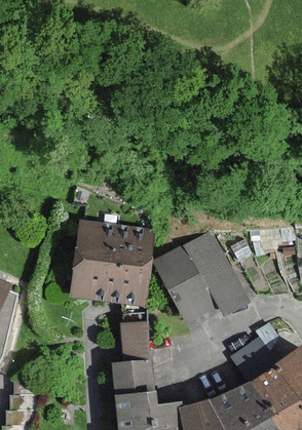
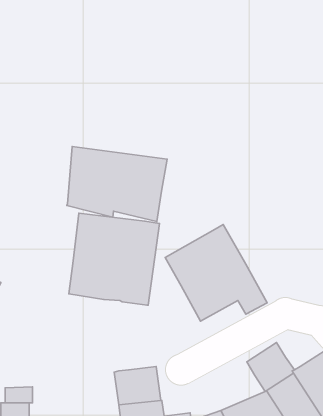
building: none -> [67,147,167,222]
building: [117,301,150,363] -> none

